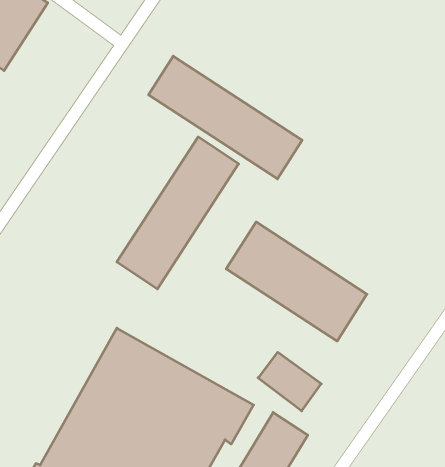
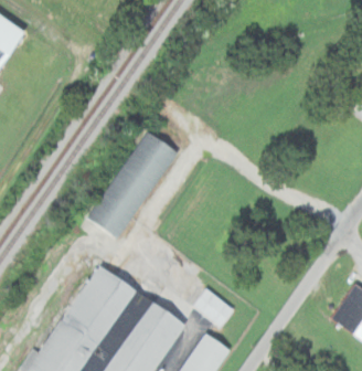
building: [149,56,302,179] -> none
building: [226,222,367,341] -> none

